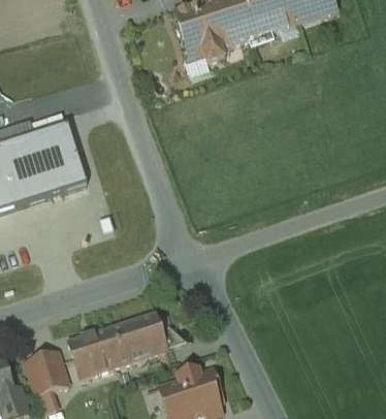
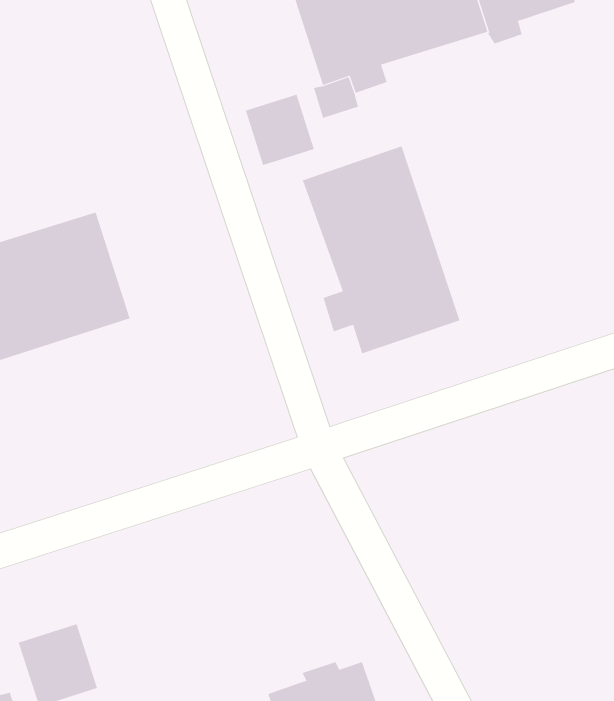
building: none -> [245,94,314,166]
building: none -> [302,145,460,354]
building: [69,311,167,376] -> none

